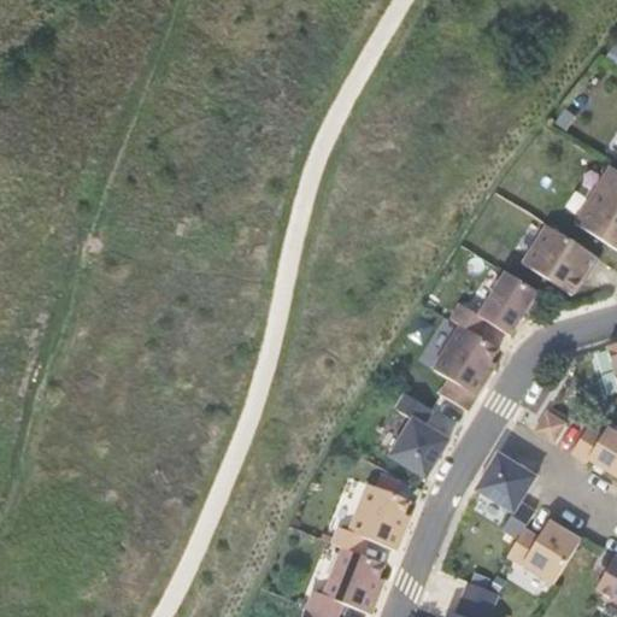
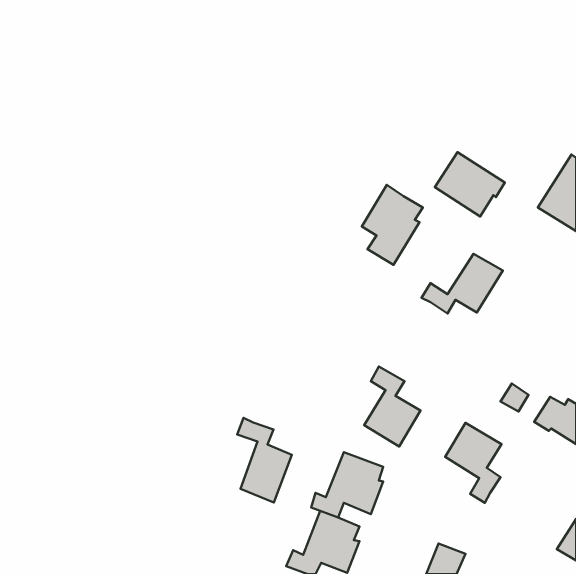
building: [523,224,598,293] -> [435,152,505,216]
building: [434,323,499,409] -> [362,185,423,265]
building: none -> [237,418,292,503]
building: [507,519,580,583] -> none

